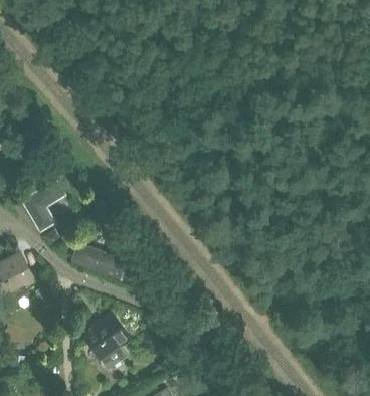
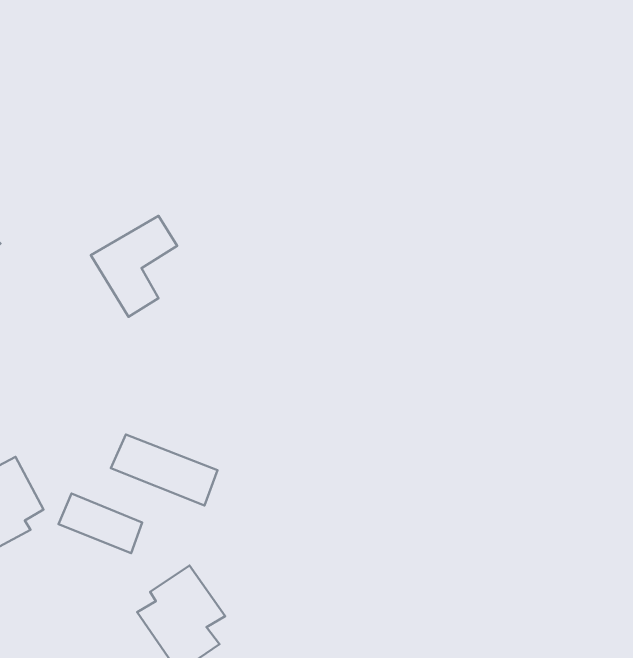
building: [19,180,65,234] -> [91,216,177,317]
building: none -> [58,493,142,553]

